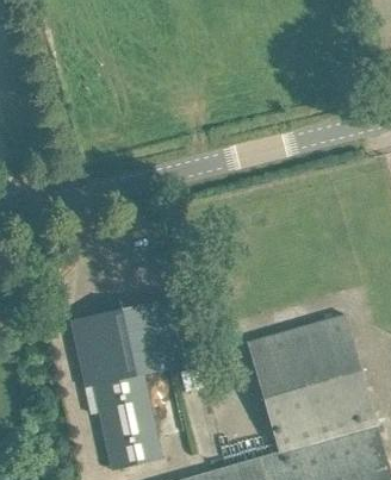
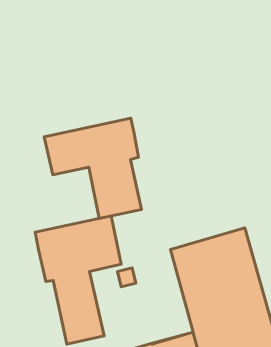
building: none -> [44,118,141,219]

